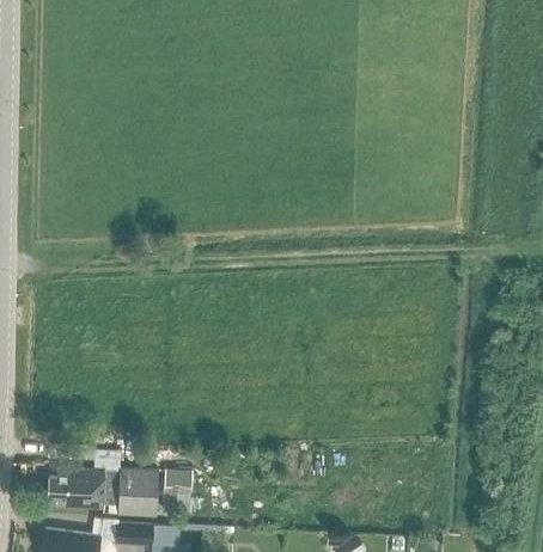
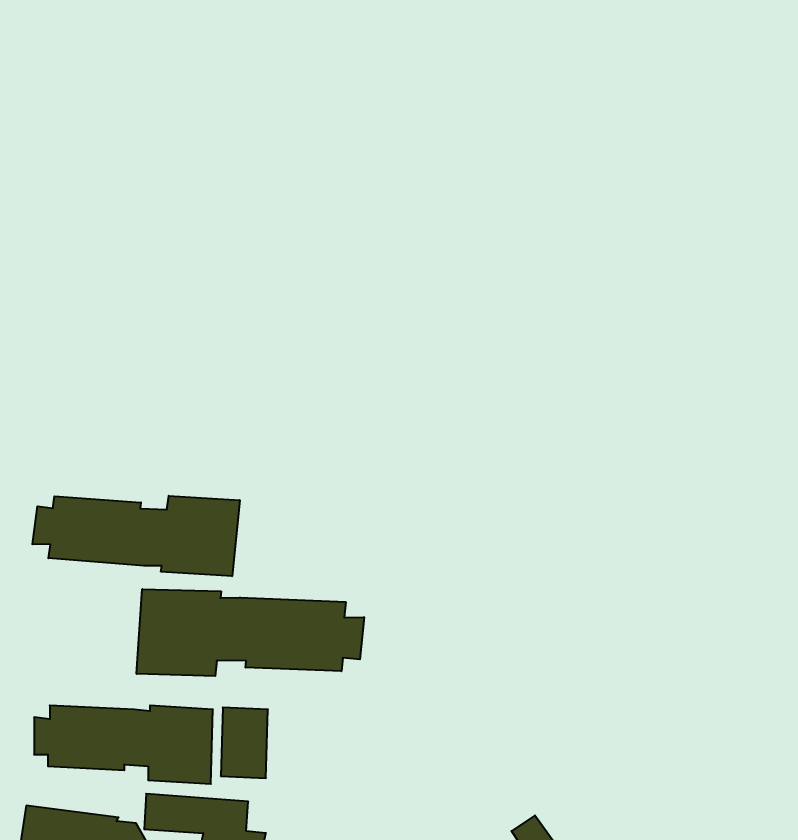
building: none -> [32,496,240,576]
building: none -> [137,589,364,676]

